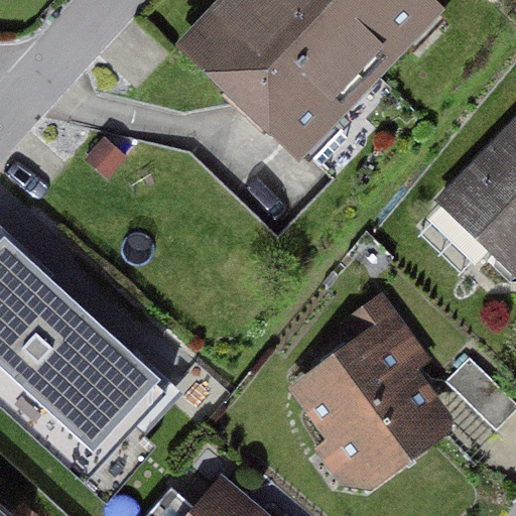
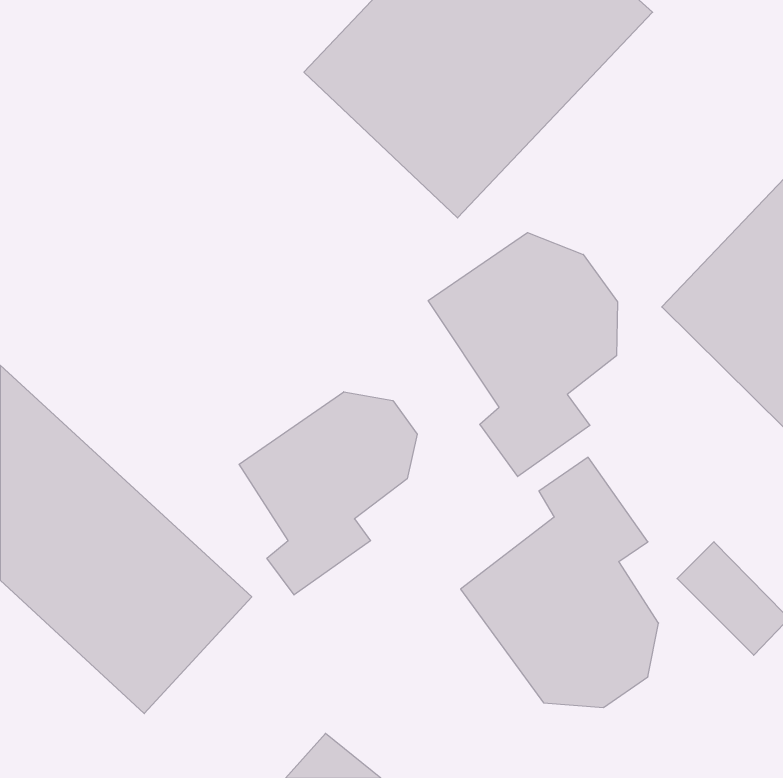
building: none -> [428,233,618,477]
building: none -> [239,392,417,595]

